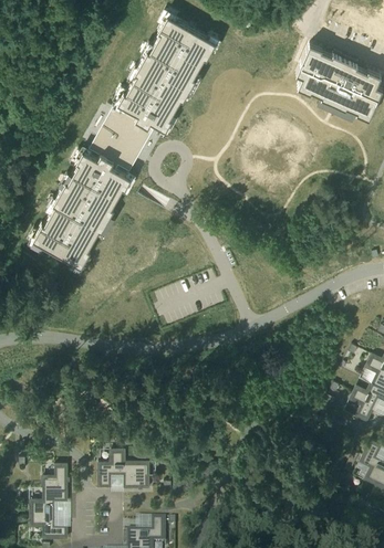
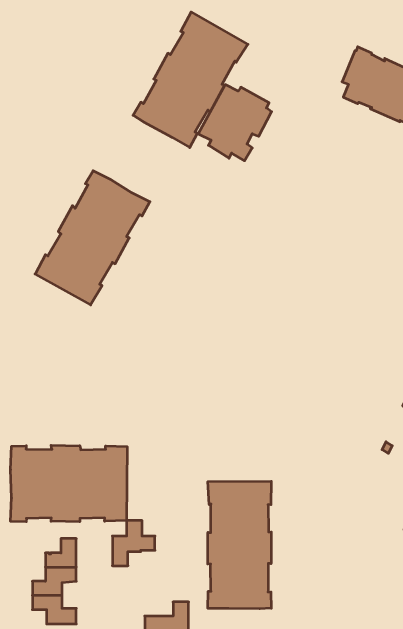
building: [90,106,153,171] -> [198,85,272,161]
building: none -> [11,445,127,522]
building: none -> [208,481,271,609]
building: [124,463,148,488] -> none

